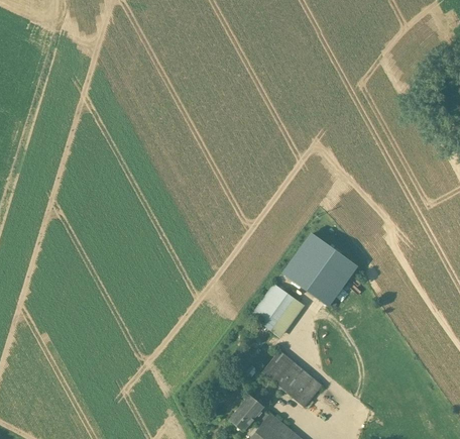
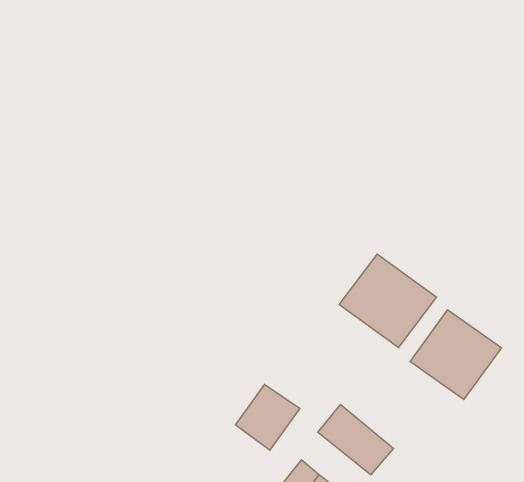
building: none -> [410,310,501,399]
building: [251,285,303,337] -> [236,384,300,450]

